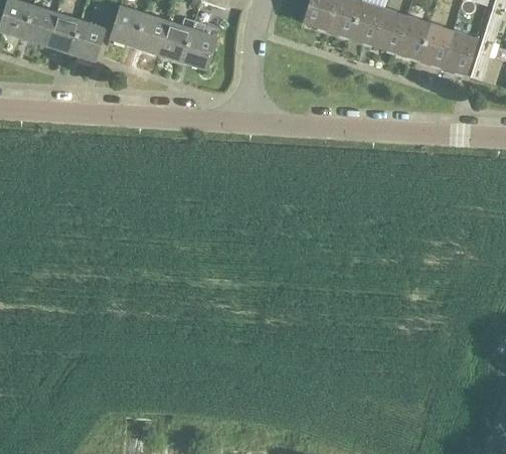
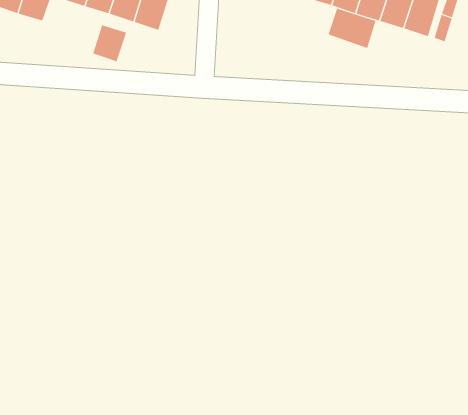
building: none -> [328,8,376,49]
building: none -> [92,25,127,62]

